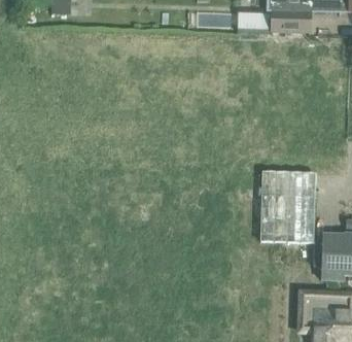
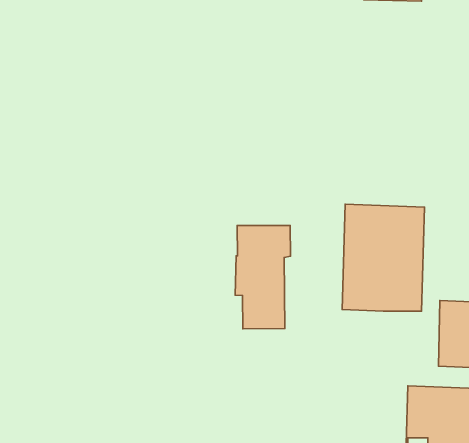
building: none -> [235,225,291,329]

